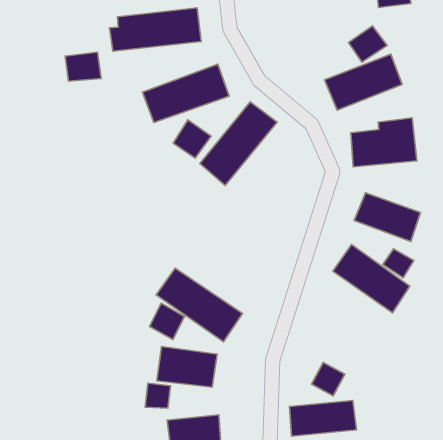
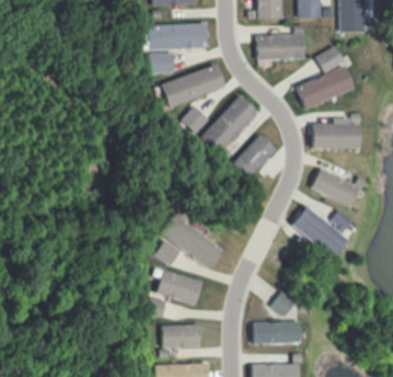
building: none -> [257,34,304,60]
building: [65,52,101,81] -> [150,53,175,72]
building: none -> [233,135,277,180]

